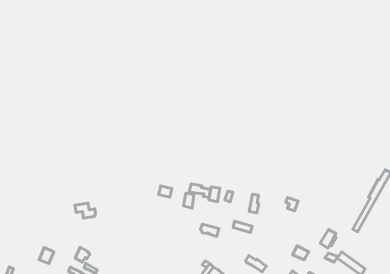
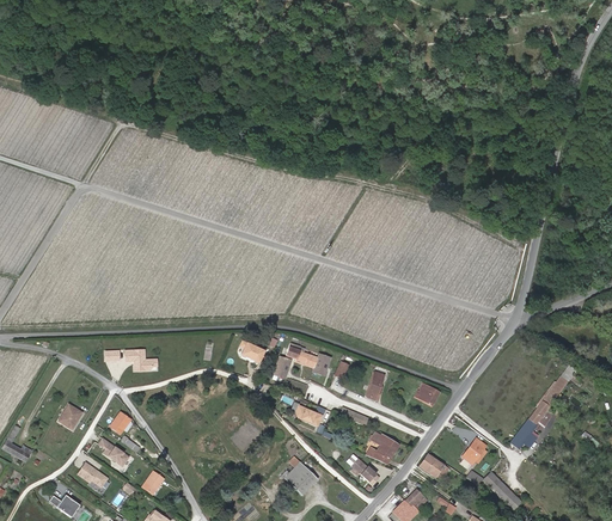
building: none -> [366,431,398,464]

